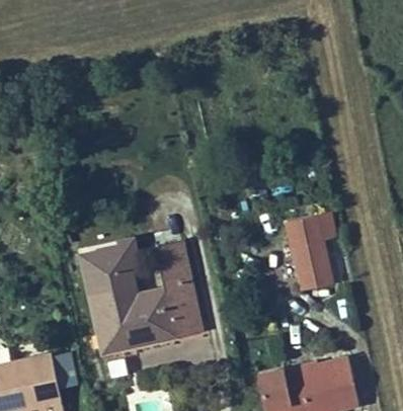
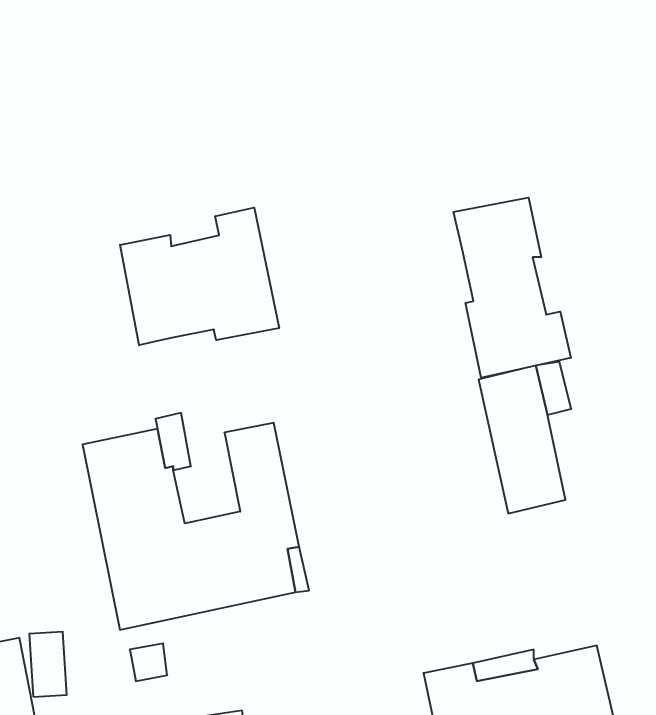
building: none -> [454,198,571,378]
building: none -> [120,208,279,345]

